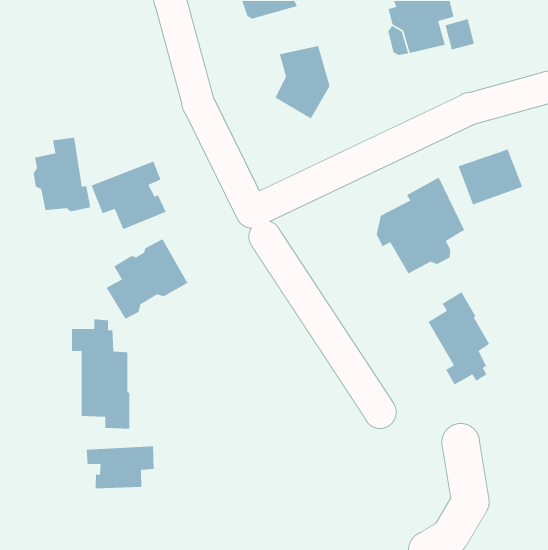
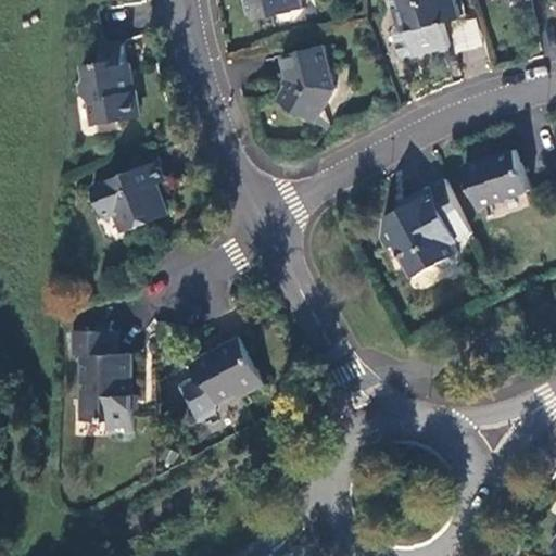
building: [33,137,91,212] -> [79,46,138,122]
building: [106,238,189,320] -> [181,337,265,419]
building: [427,291,490,386] -> none
building: [86,445,155,489] -> none

